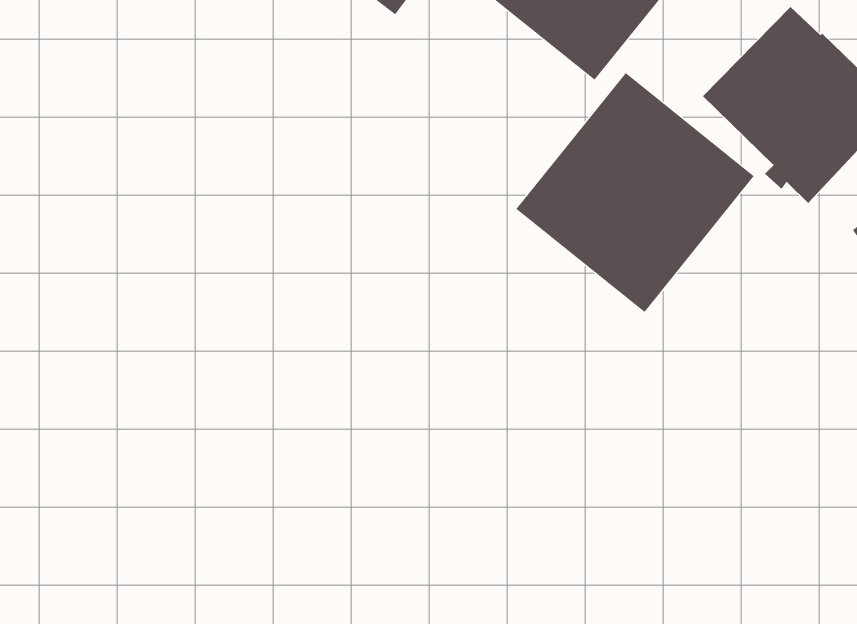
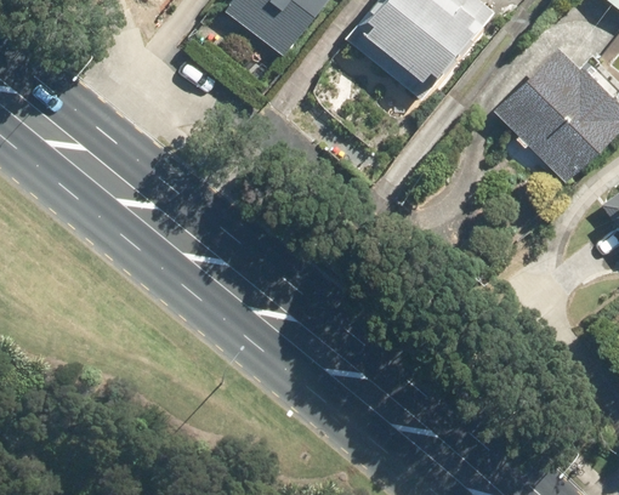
building: [516,72,755,313] -> none

